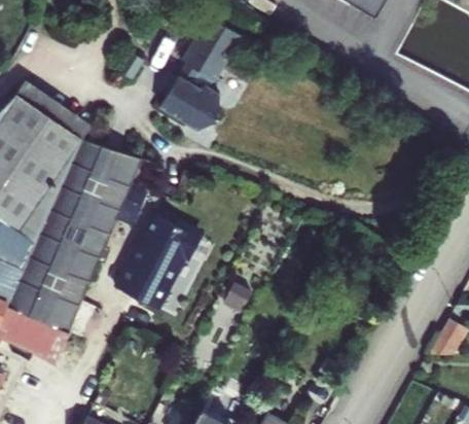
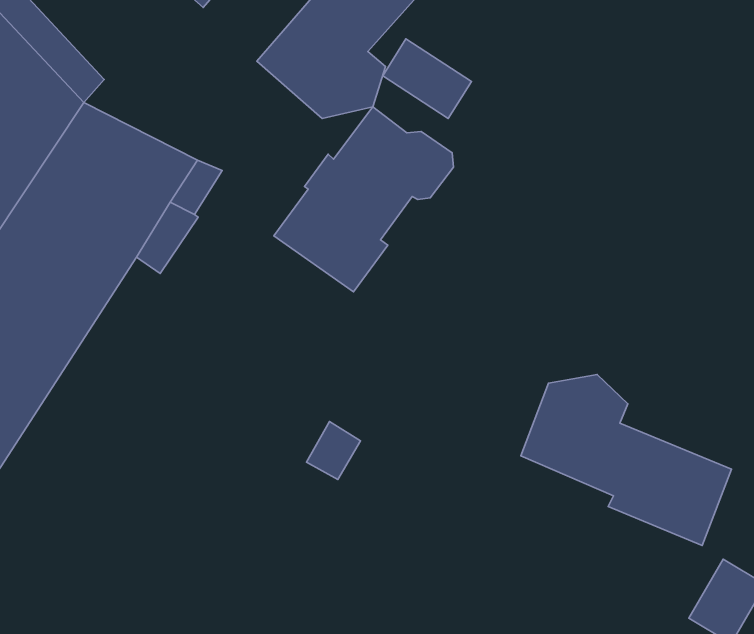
building: none -> [383,39,471,119]
building: [114,212,200,308] -> [274,107,454,292]
building: none -> [521,374,731,546]

